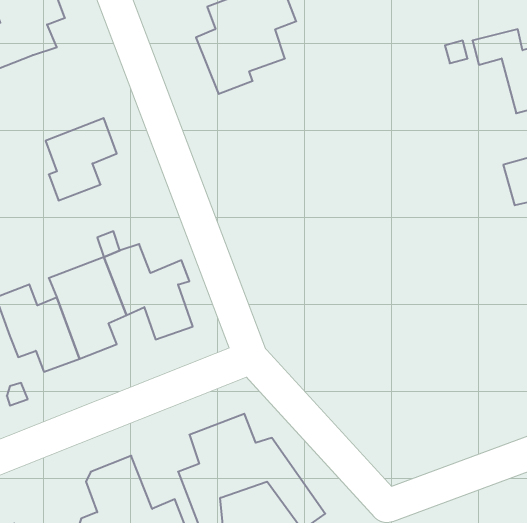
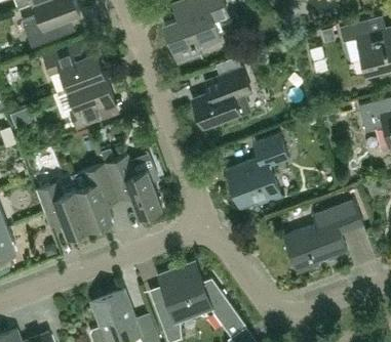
building: none -> [43,47,105,90]
building: none -> [192,68,250,128]
building: none -> [226,135,288,211]
building: none -> [283,201,362,272]

